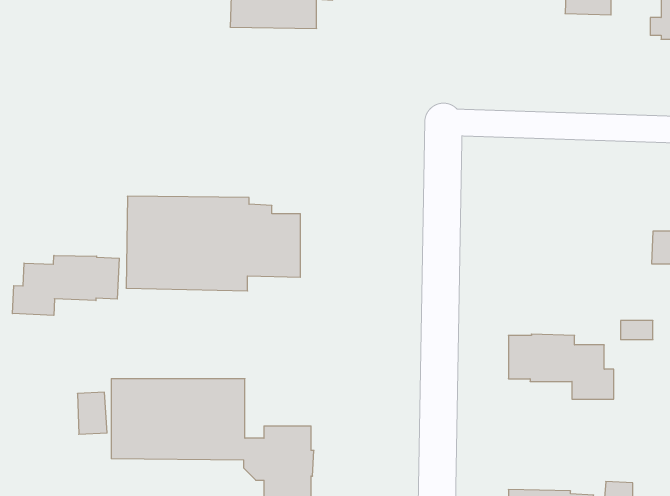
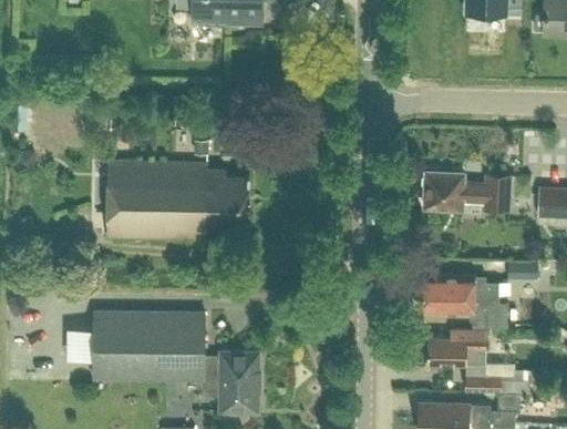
building: none -> [423,172,512,211]
building: [12,255,119,315] -> none
building: none -> [427,331,540,394]

